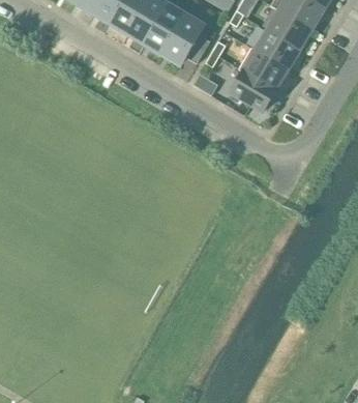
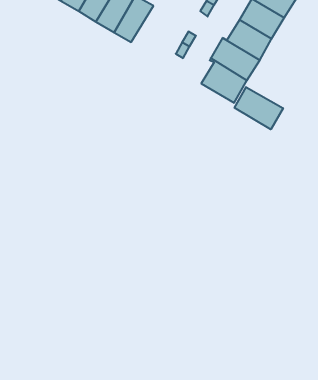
building: [162,16,202,62] -> none
building: none -> [235,87,283,129]

